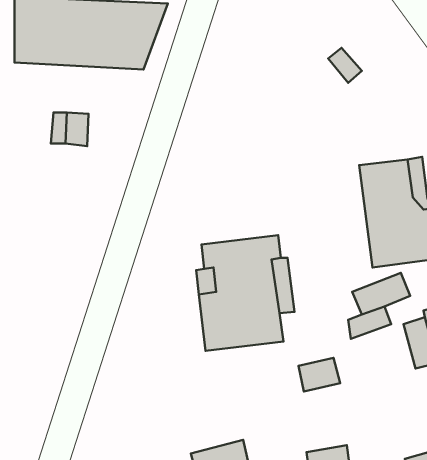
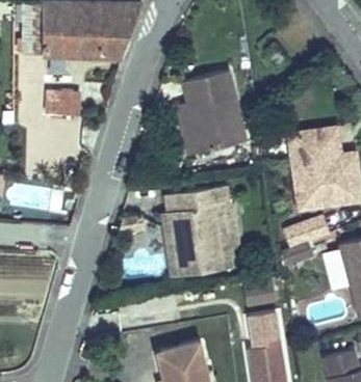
building: none -> [177,69,242,153]
building: none -> [242,310,285,352]

